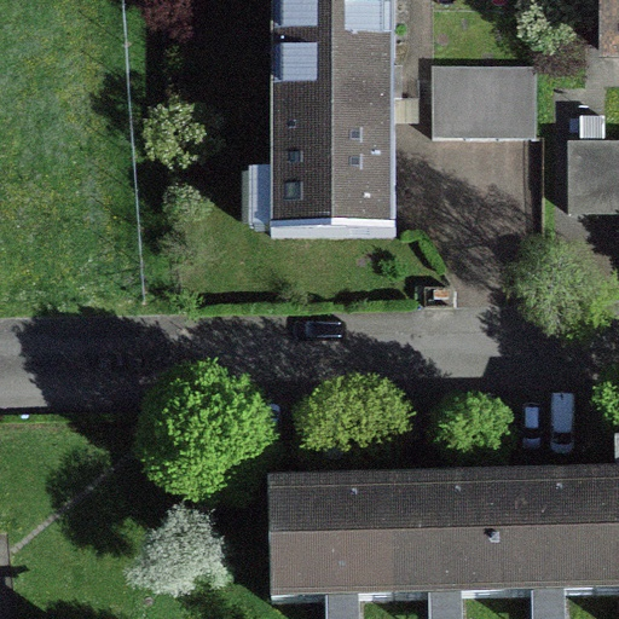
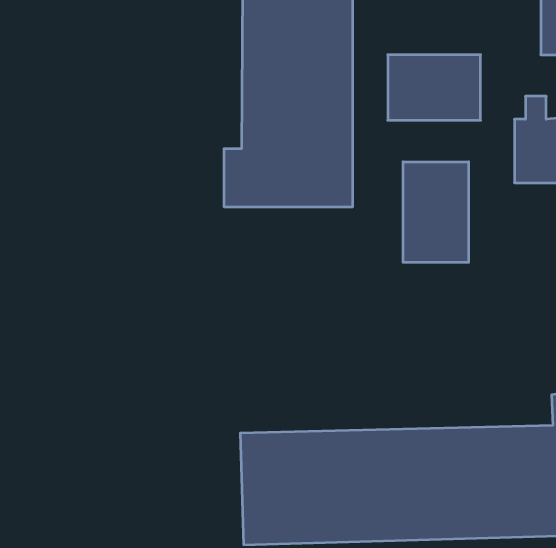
building: none -> [403,162,469,262]

